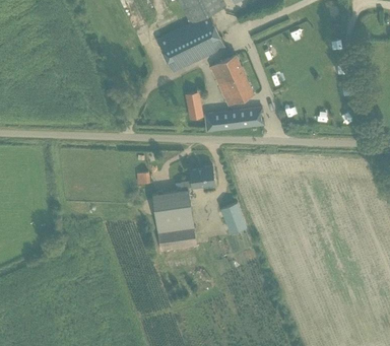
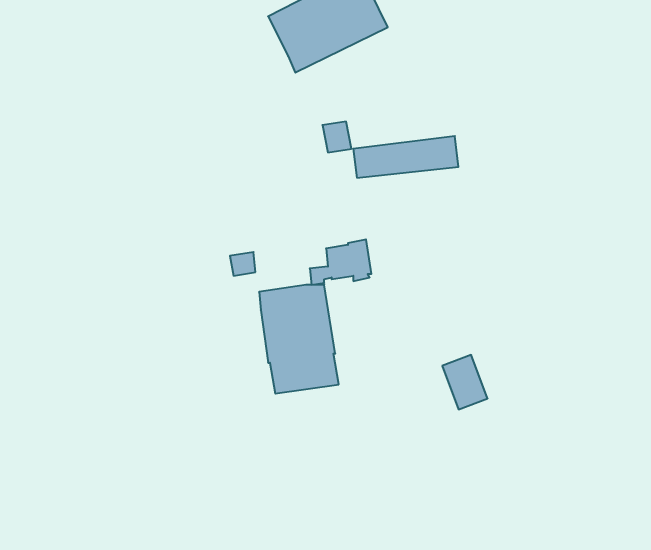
building: [210,55,254,106] -> none
building: [221,203,247,233] -> [442,355,488,409]

